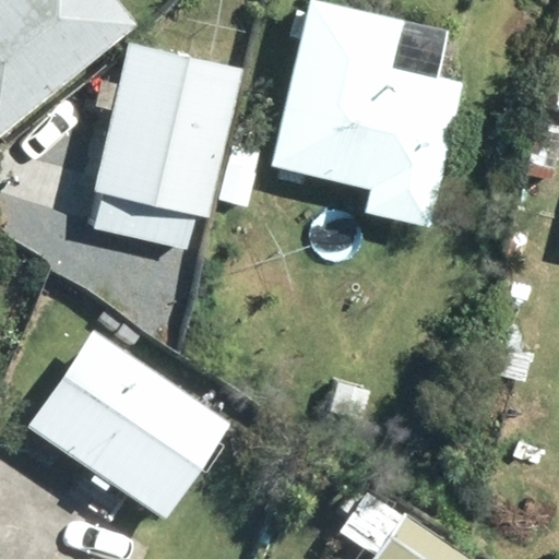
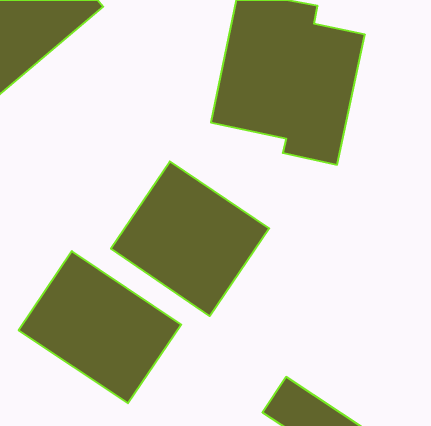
building: [88,36,241,248] -> none
building: none -> [111,161,269,316]

